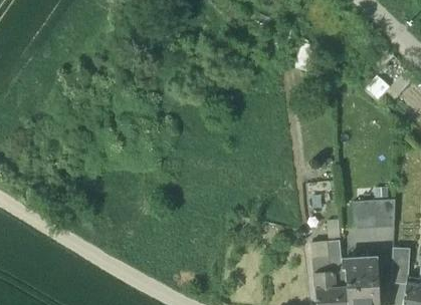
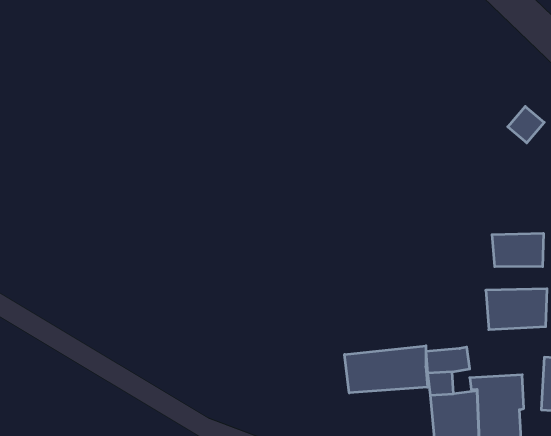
building: none -> [492,233,543,267]
building: none -> [345,346,427,393]

